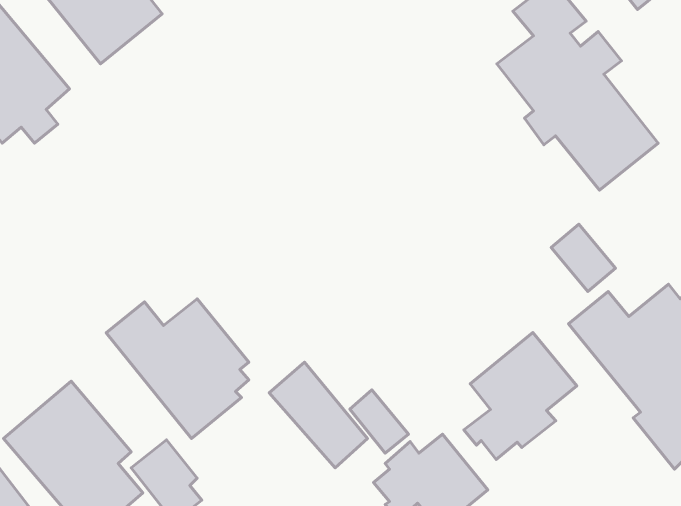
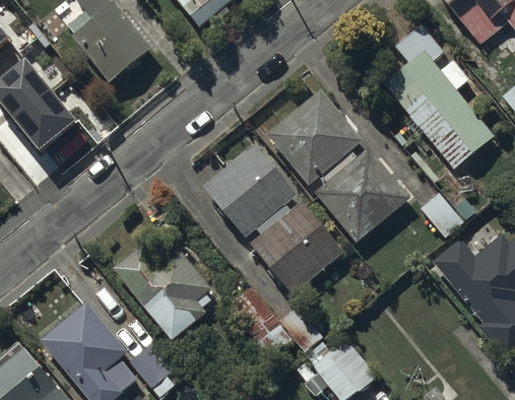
building: none -> [265,89,409,244]
building: none -> [203,143,343,294]
building: [464,332,577,459] -> none

